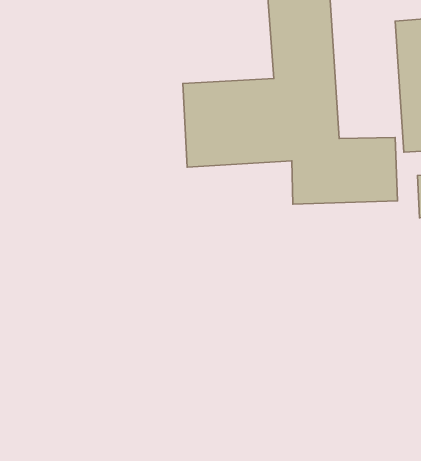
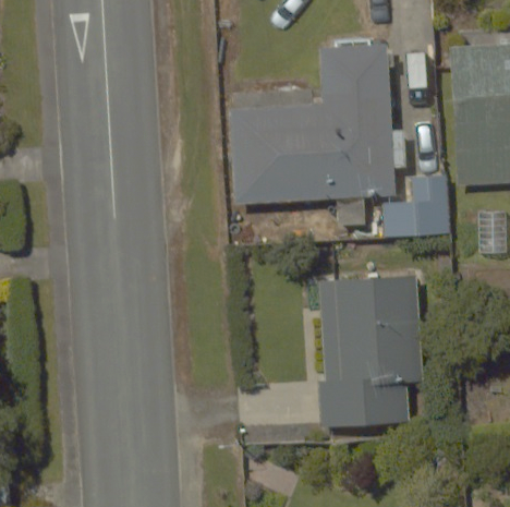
building: none -> [325,273,437,426]

